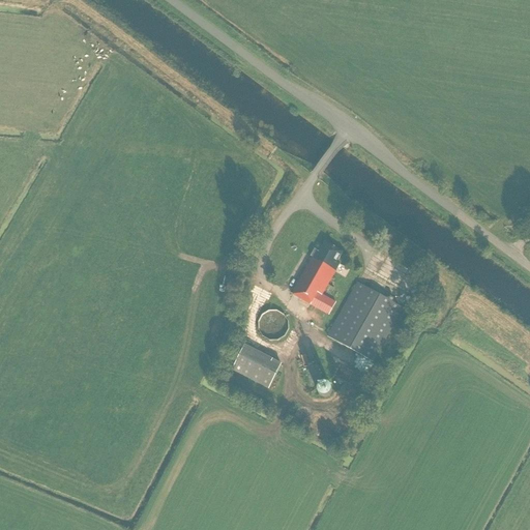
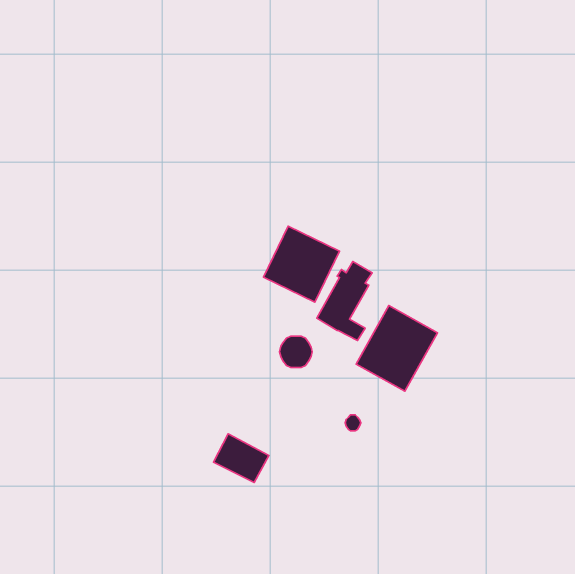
building: none -> [263,226,340,302]
building: [231,343,282,387] -> [214,434,269,482]

